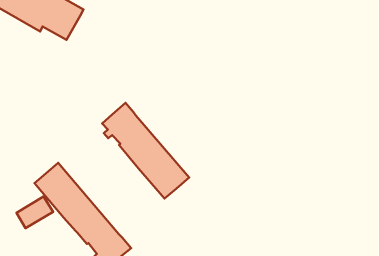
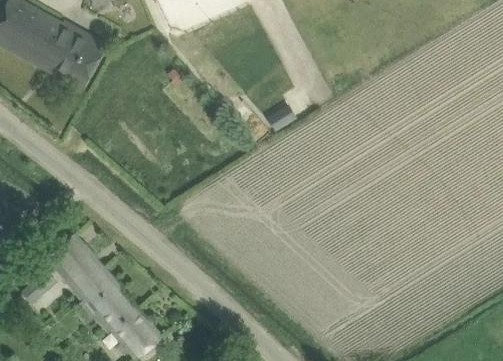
building: [102,103,189,199] -> none

